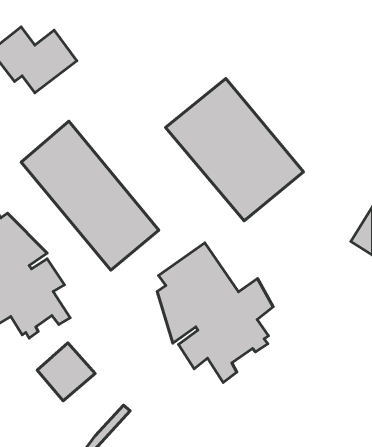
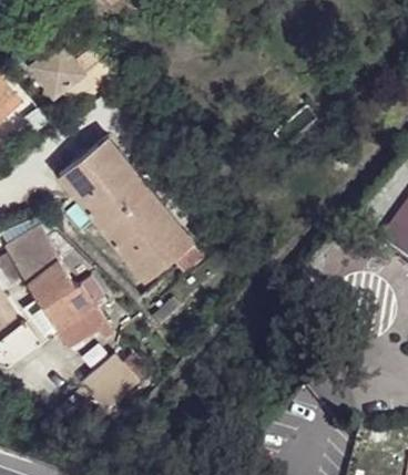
building: [165,78,304,221] -> none
building: [157,243,273,383] -> none

